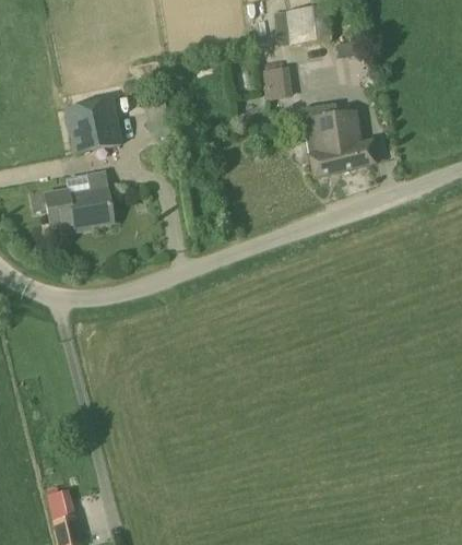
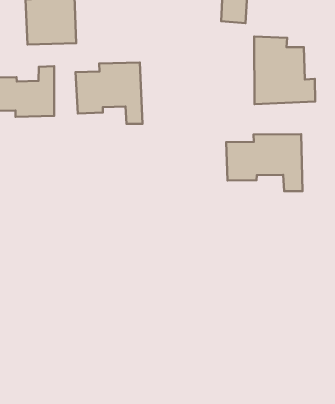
building: none -> [76,63,142,124]
building: none -> [226,134,303,191]

